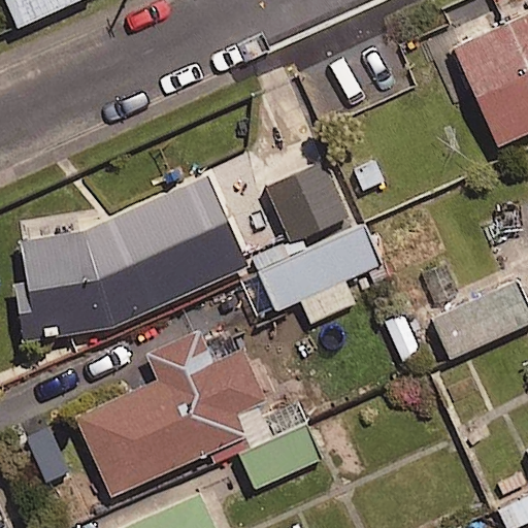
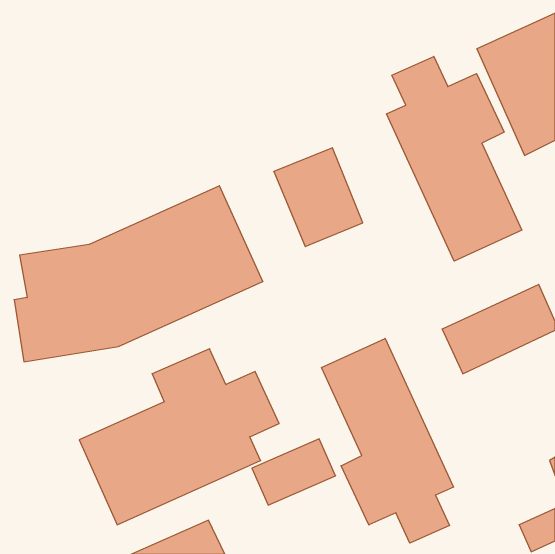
building: none -> [386,56,522,261]
building: [257,218,377,316] -> none
building: none -> [321,338,453,543]

